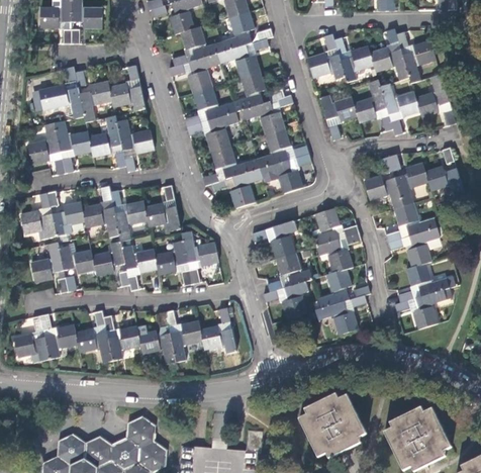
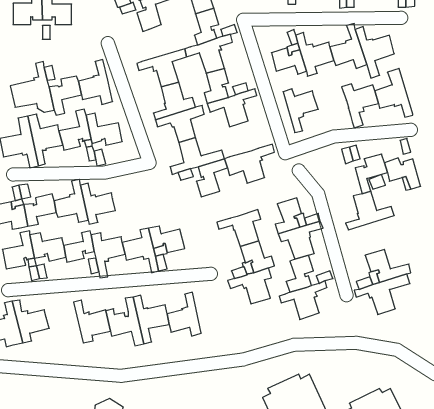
building: [172,26,224,67] -> none
building: [352,86,392,131] -> none
building: [262,128,309,166] -> none
building: [363,175,402,206] -> none
building: [143,187,179,230] -> none
building: [388,226,439,266] -> none
building: [75,310,113,362] -> none

